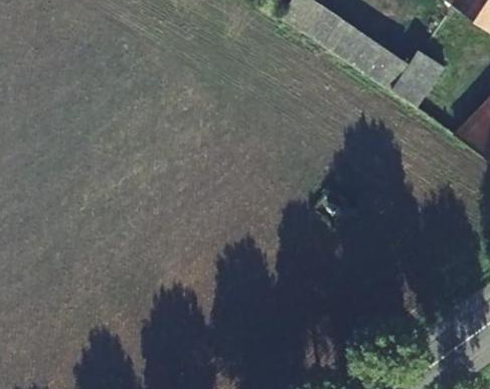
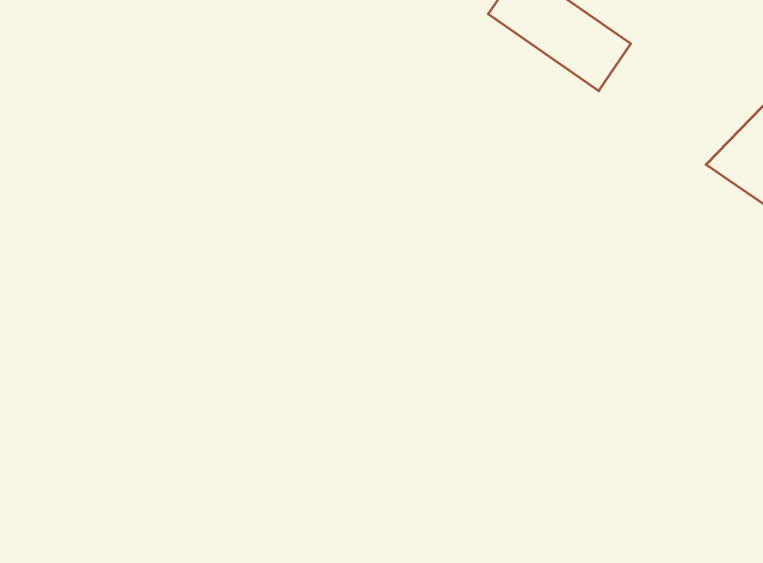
building: [390,48,445,108] -> none

